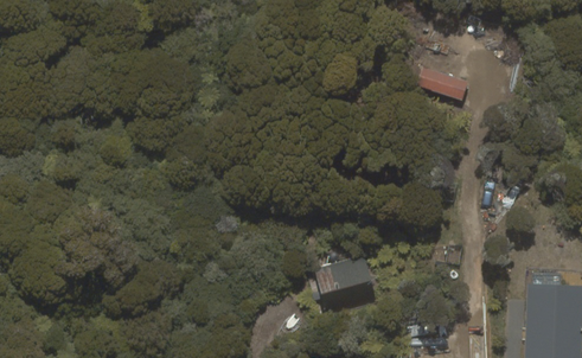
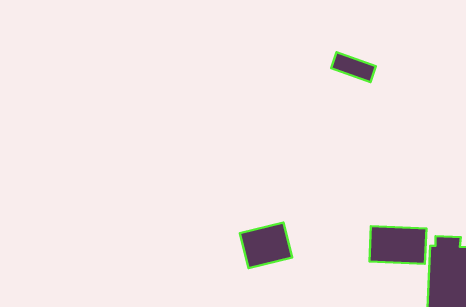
building: none -> [369,226,426,264]

